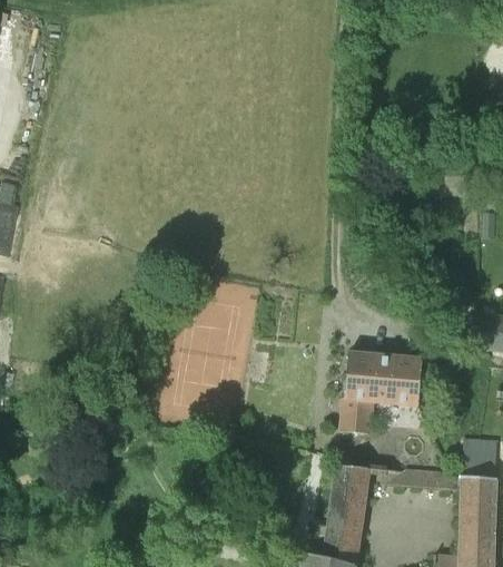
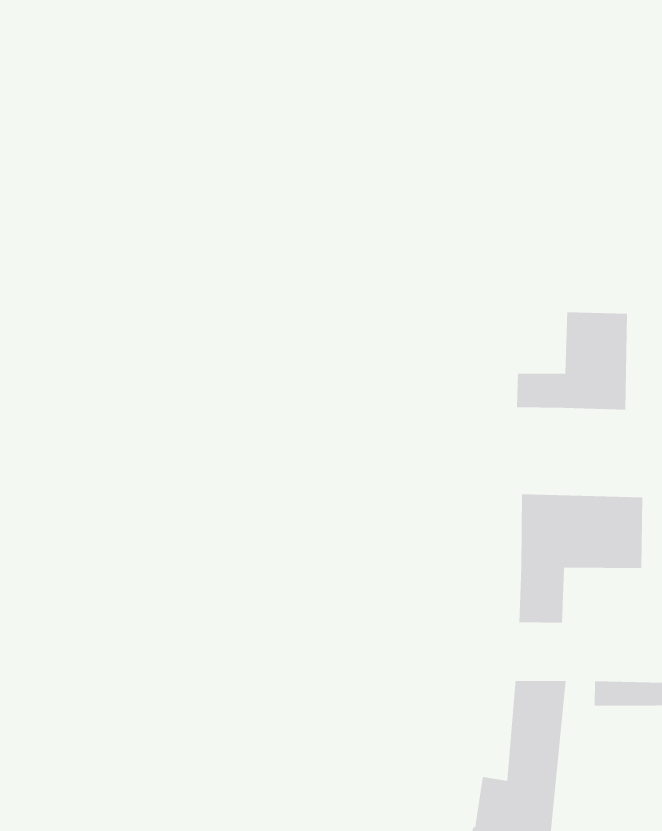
building: none -> [516,311,628,410]

